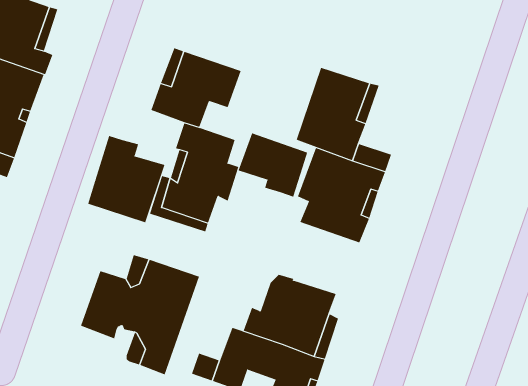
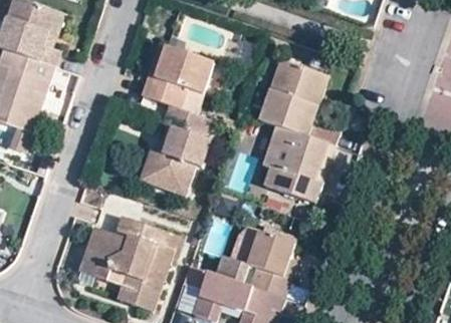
building: [238,133,308,197] -> none
building: [88,135,165,223] -> none

